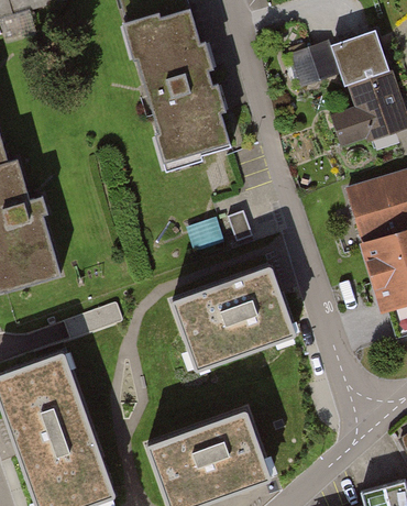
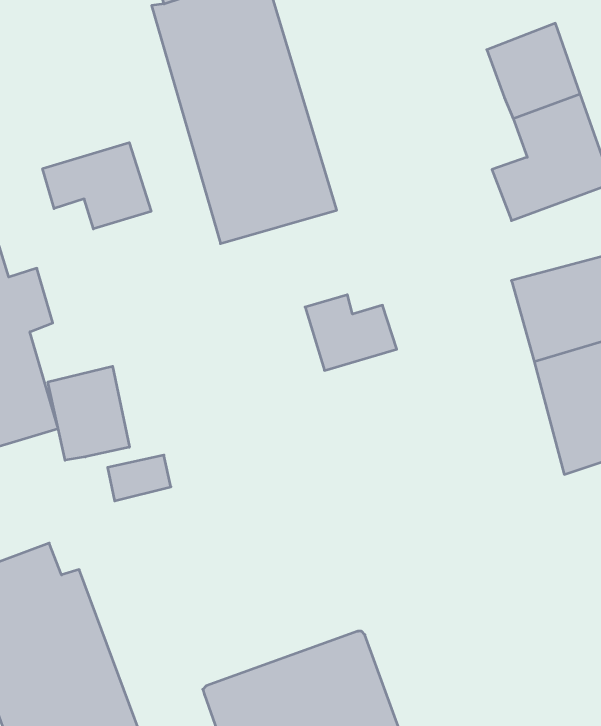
building: [290,46,338,89] -> none
building: none -> [43,143,151,229]
building: none -> [48,366,129,460]
building: [174,265,294,365] -> none

